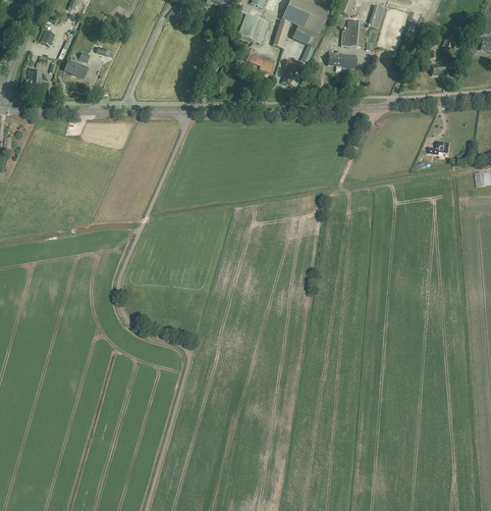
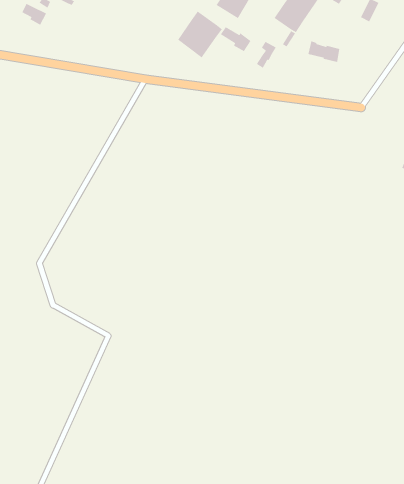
building: [340,20,366,47] -> none
building: none -> [177,11,223,59]

